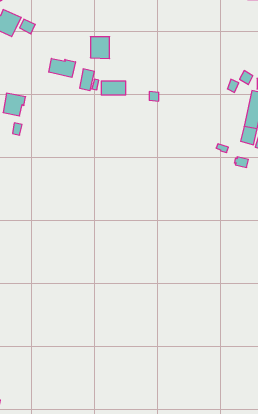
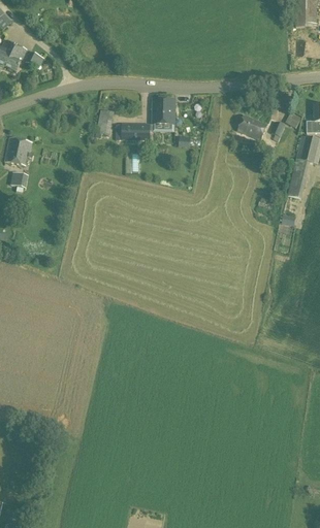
building: [90,37,110,59] -> [153,98,175,124]
building: [49,58,75,77] -> none
building: none -> [238,113,267,139]

